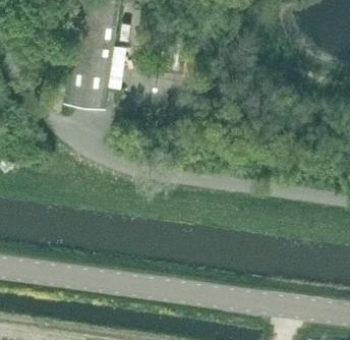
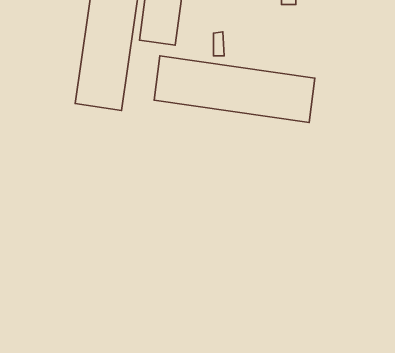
building: none -> [154,56,315,123]

